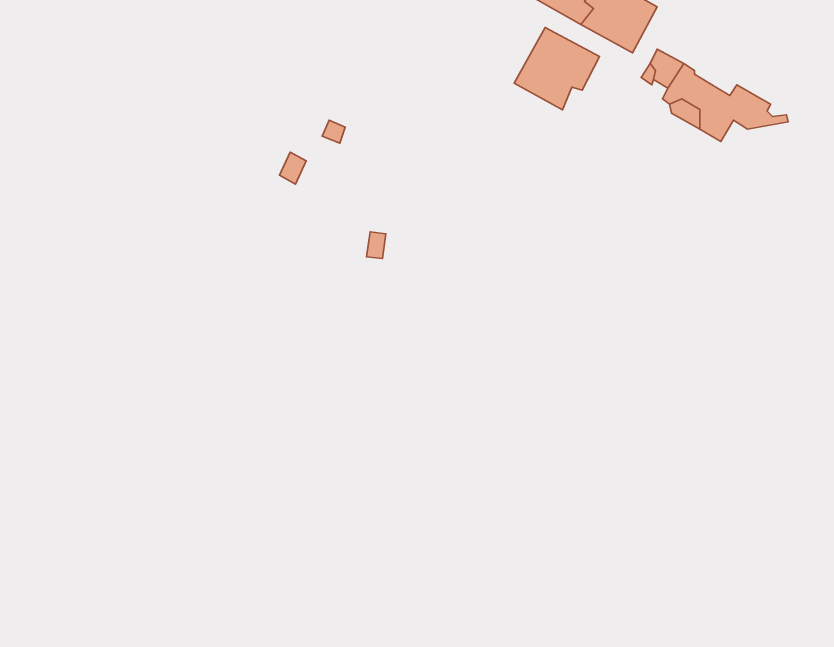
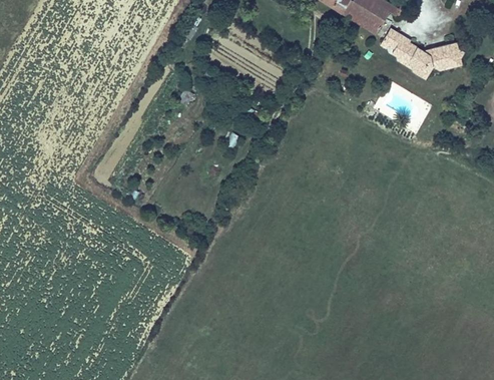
building: [514,28,599,110] -> none

